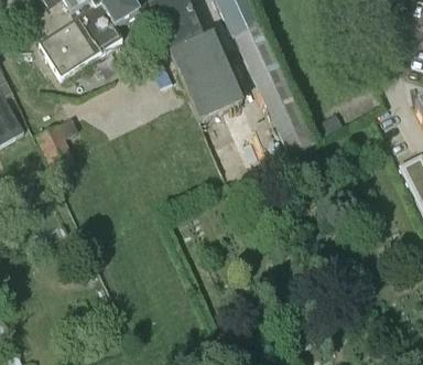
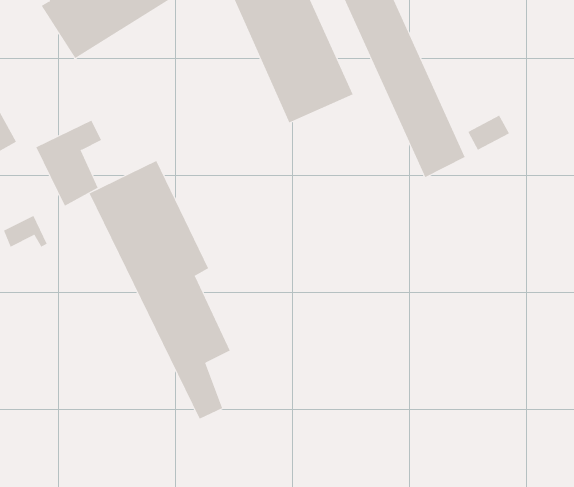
building: none -> [89,160,231,419]

